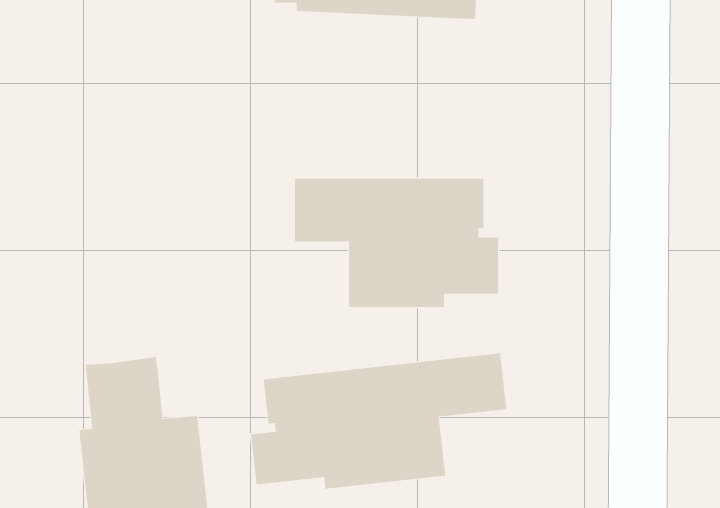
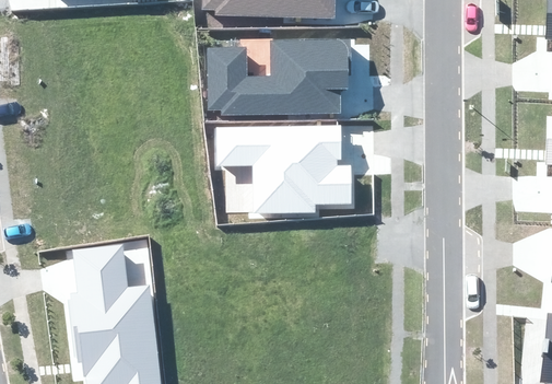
building: none -> [207,38,351,115]
building: [251,352,507,490] -> none

